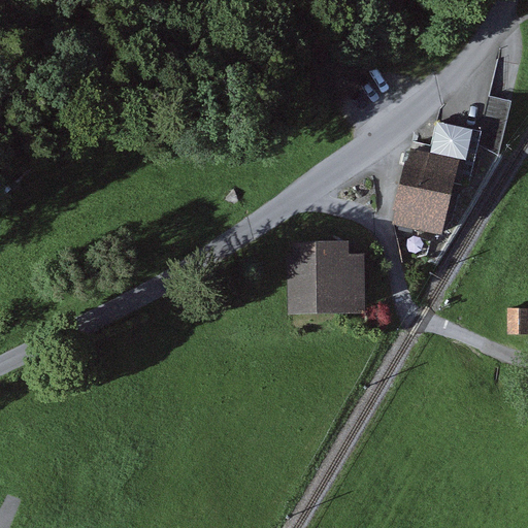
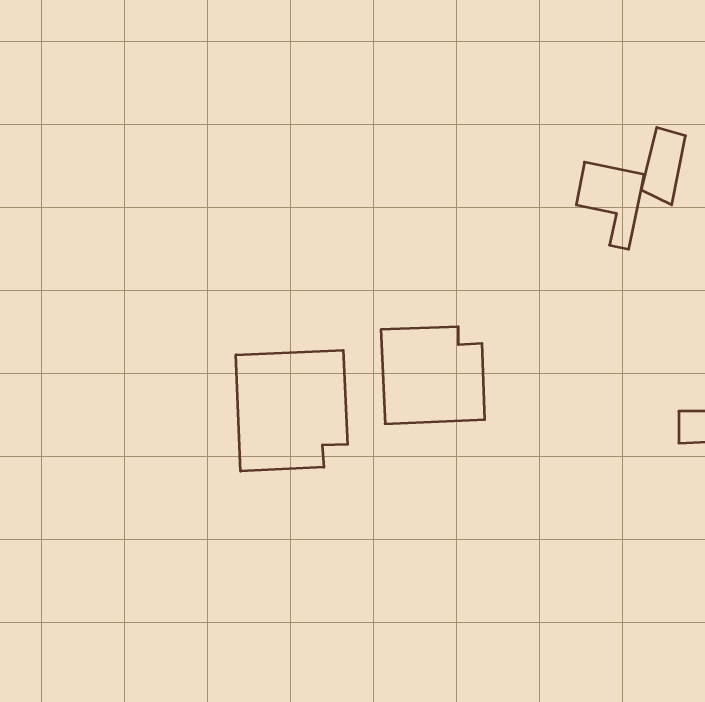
building: [394,148,461,236] -> none
building: none -> [236,350,348,471]

